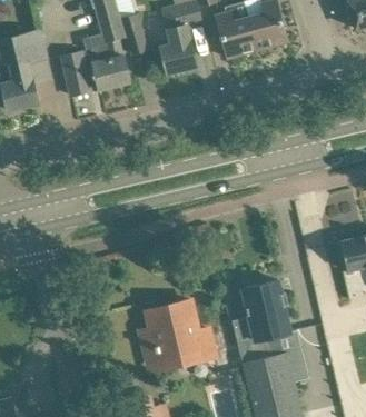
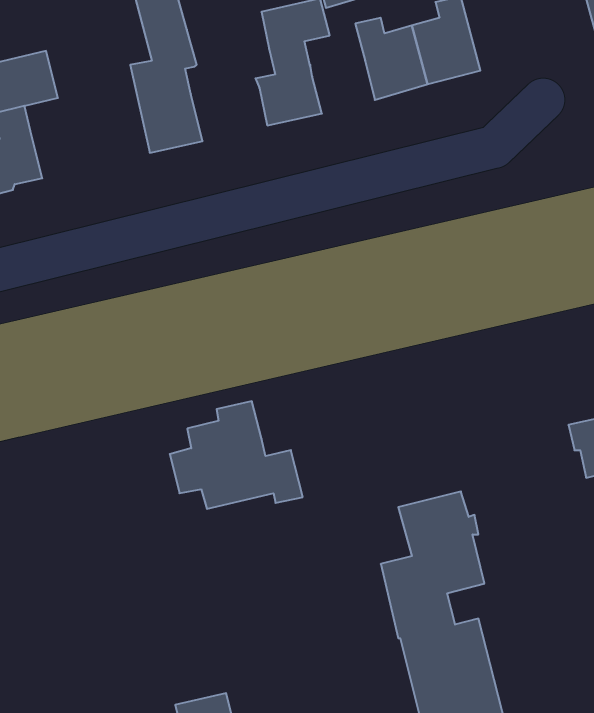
building: [121,13,148,54] -> none
building: [62,38,100,95] -> none
building: [141,300,217,361] -> [170,401,303,509]

